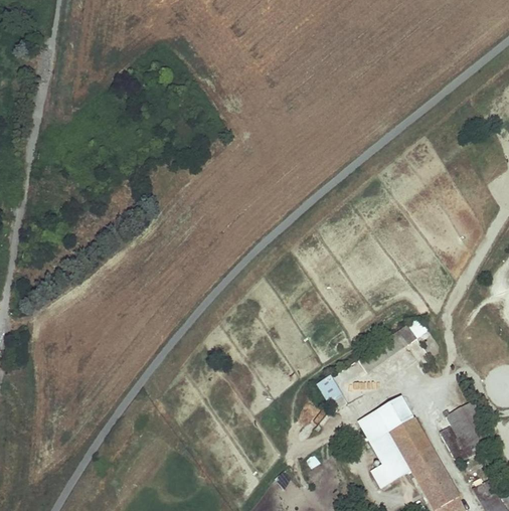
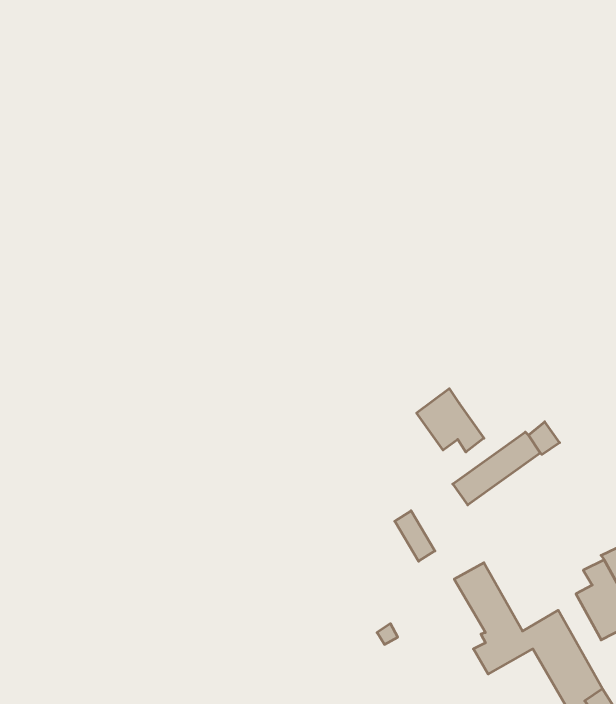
building: none -> [417,389,484,452]
building: [378,397,429,458] -> none

